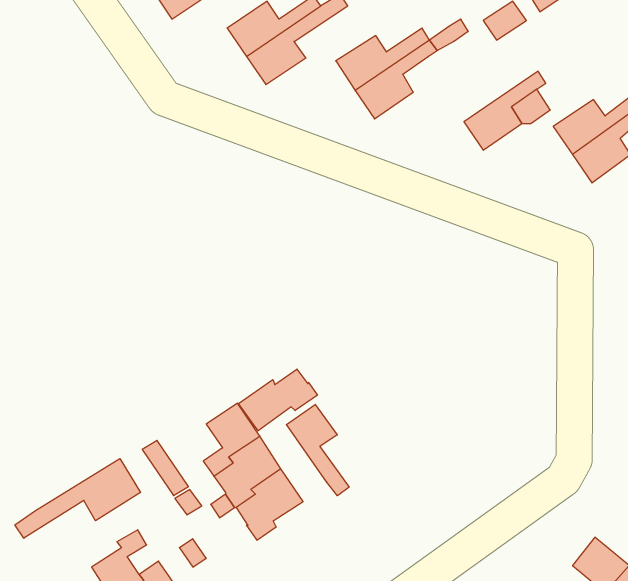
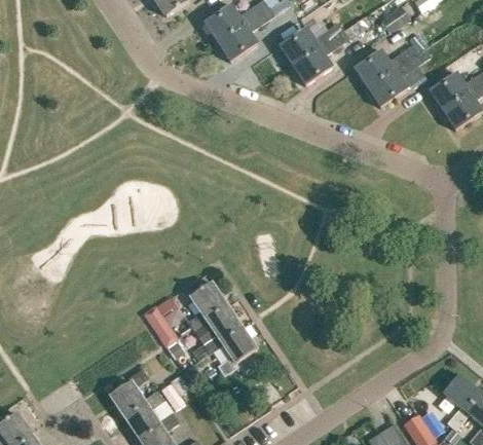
building: none -> [355,45,419,87]
building: [238,369,317,431] -> none
building: [286,404,349,496] -> none
building: [15,459,141,538] -> none

